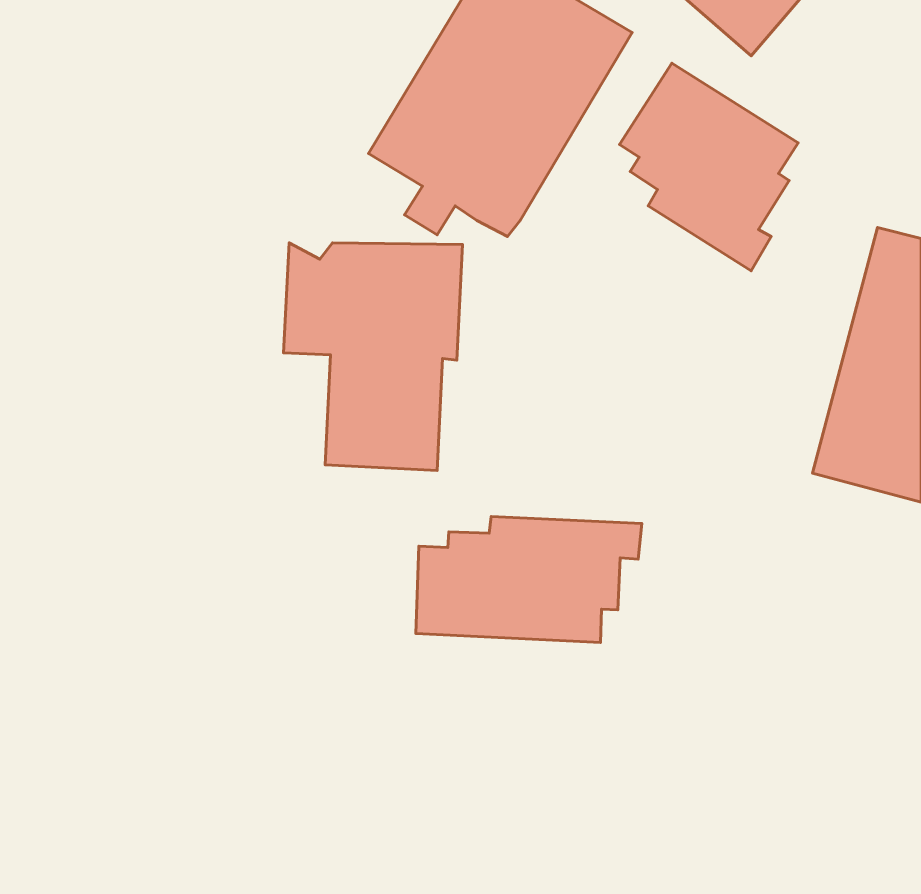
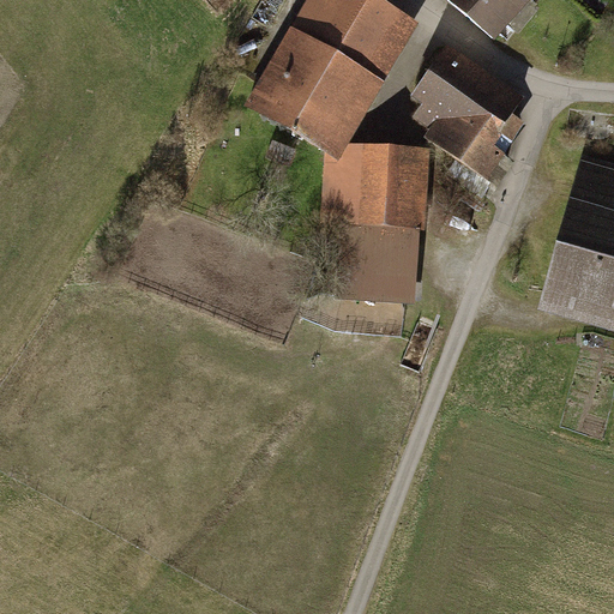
building: [284,243,462,470] -> [313,146,432,297]
building: [416,516,642,642] -> none

